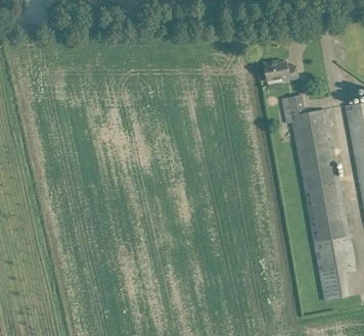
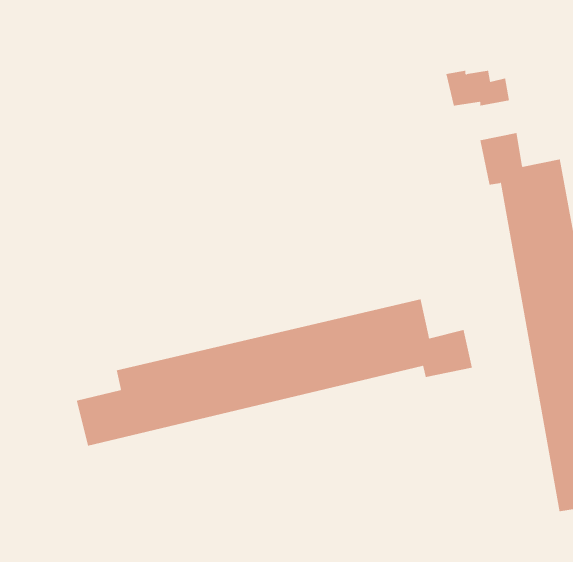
building: none -> [76,299,472,446]

